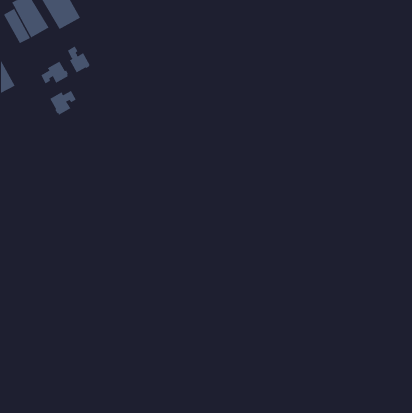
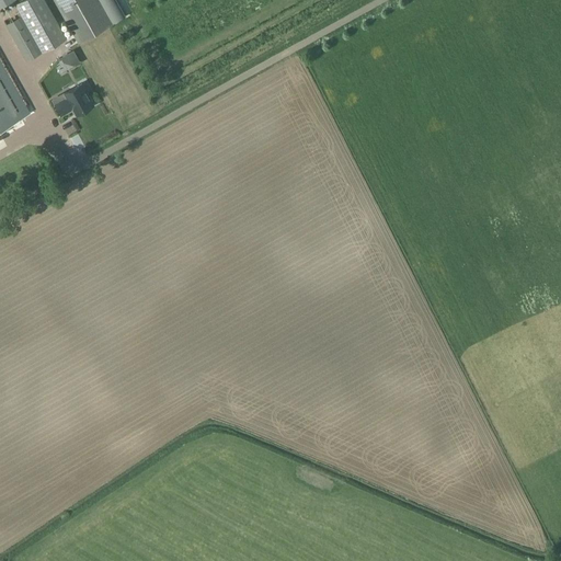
building: [67,46,91,73] -> none
building: [50,90,77,115] -> none

